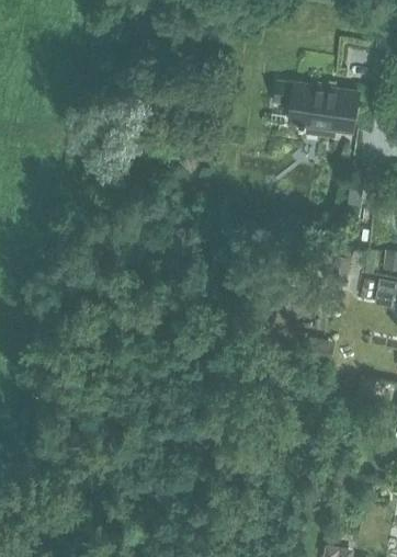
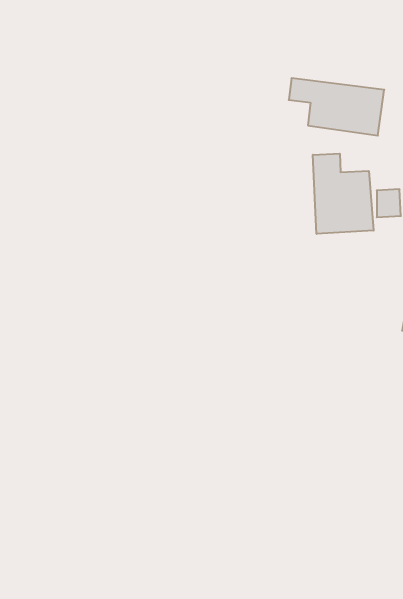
building: none -> [313,154,374,234]

